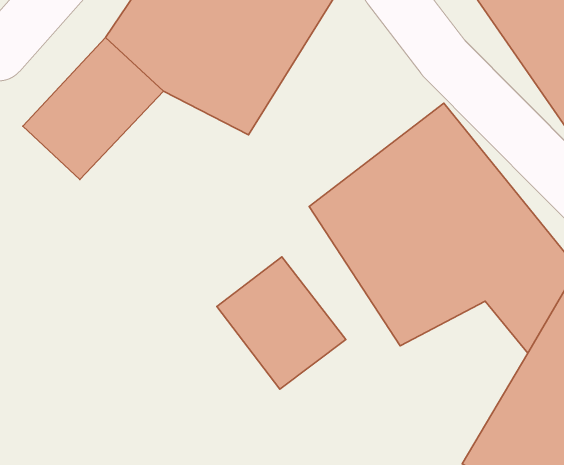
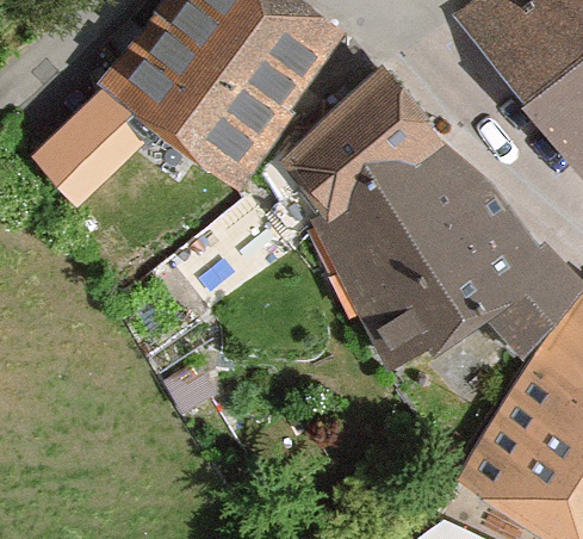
building: none -> [250,54,442,234]
building: [217,257,346,389] -> none

